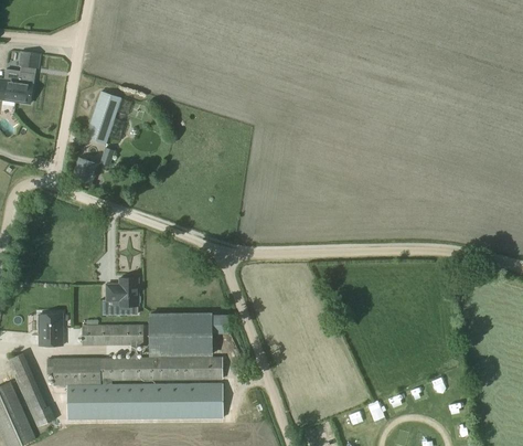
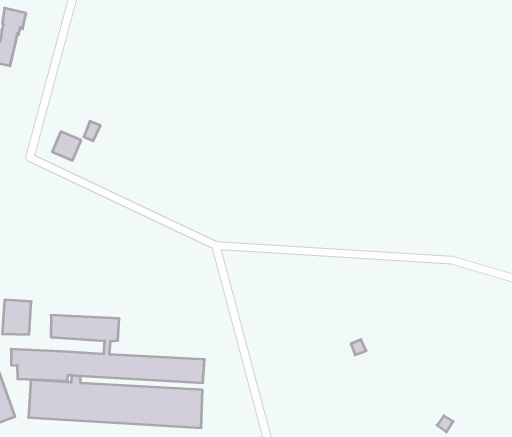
building: [86,91,120,144] -> none
building: [106,277,140,306] -> none
building: [150,315,205,355] -> none

